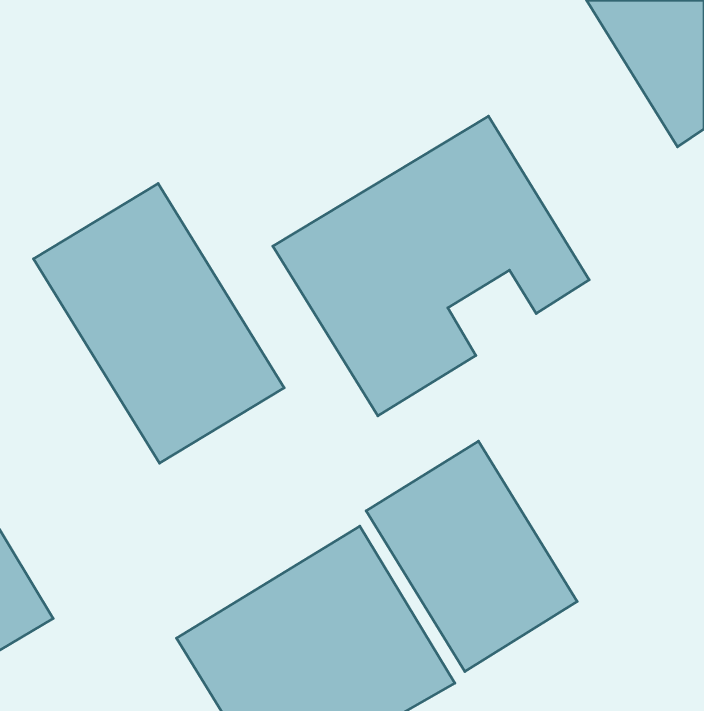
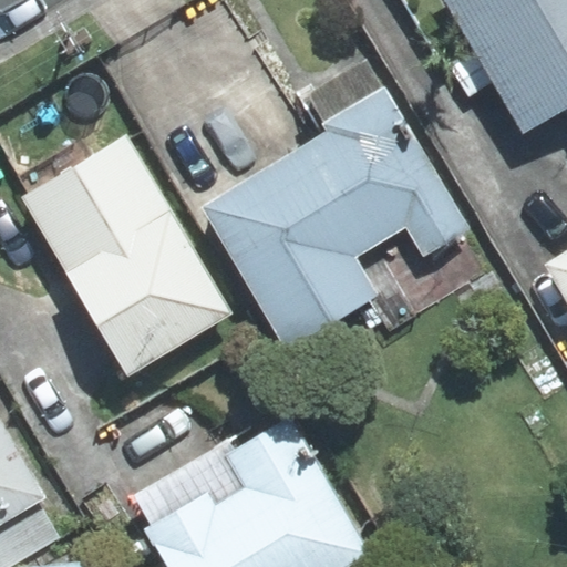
building: [366,441,577,672] -> none

